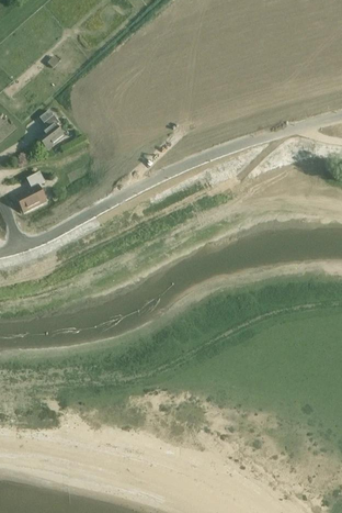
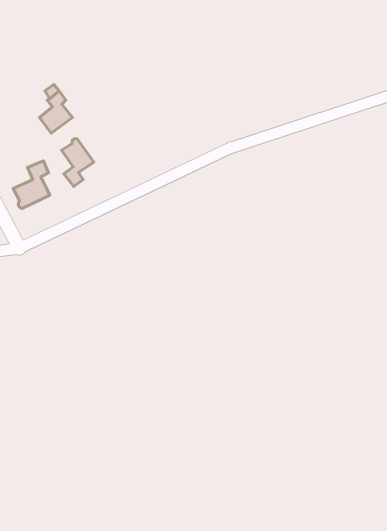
building: none -> [61,139,94,186]

